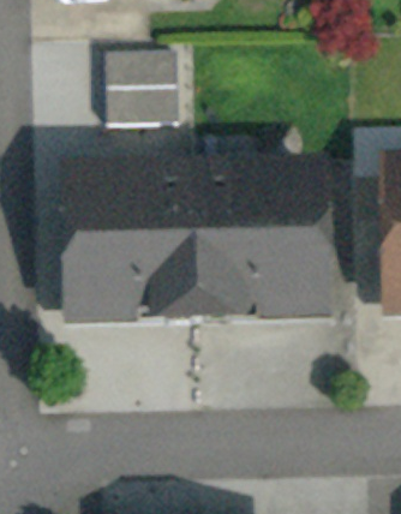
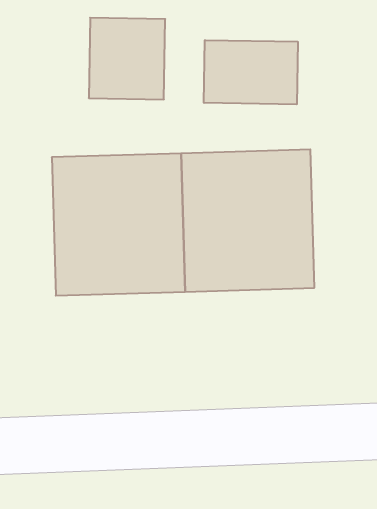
building: none -> [204,40,298,104]

